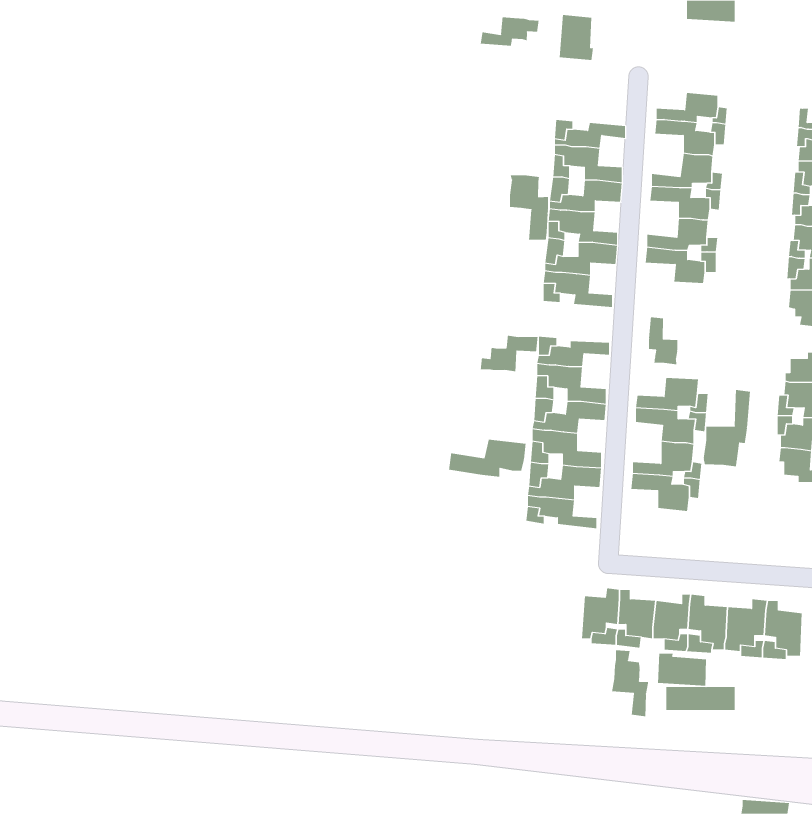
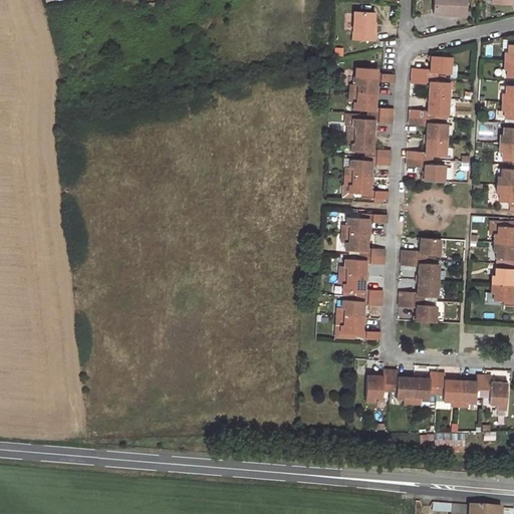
building: [480,16,539,46] -> none
building: [509,175,548,241] -> none
building: [648,316,678,365] -> none
building: [480,335,538,372] -> none
building: [703,389,750,467] -> none
building: [449,439,526,477] -> none
building: [611,650,649,717] -> none
building: [658,653,707,687] -> none

